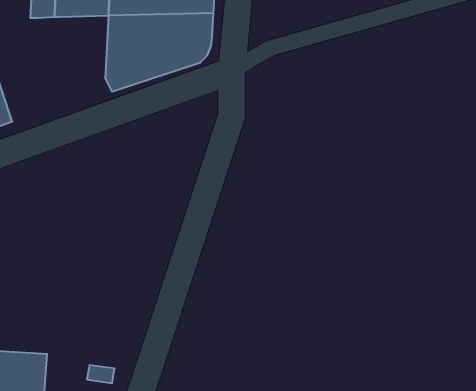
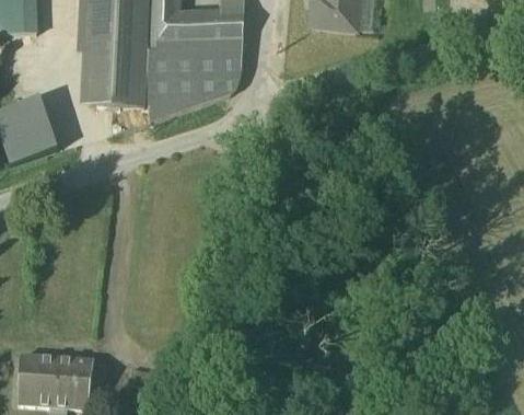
building: none -> [81,50,147,107]

